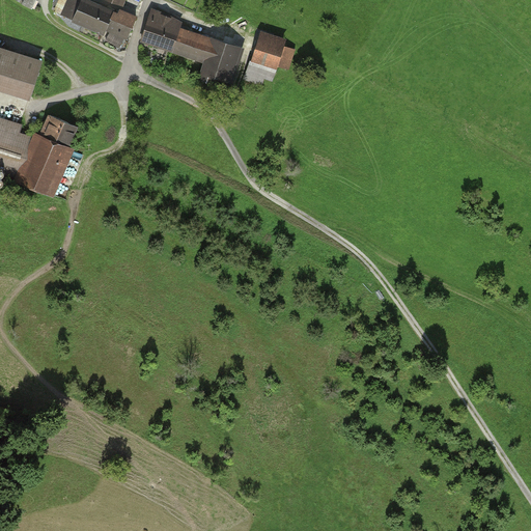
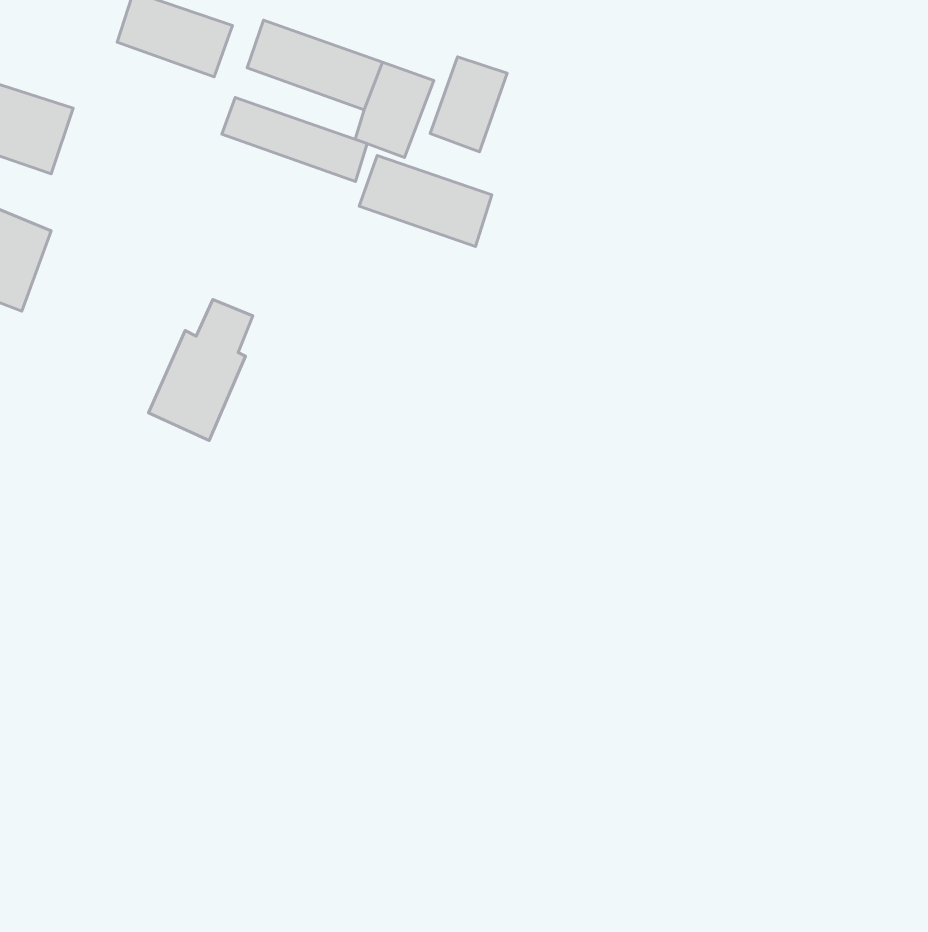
building: none -> [222,97,367,182]
building: none -> [359,156,492,247]
building: [13,114,73,194] -> [149,299,253,440]

